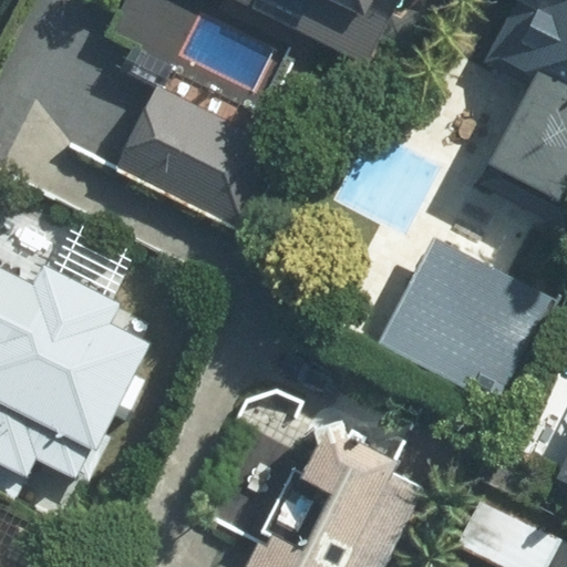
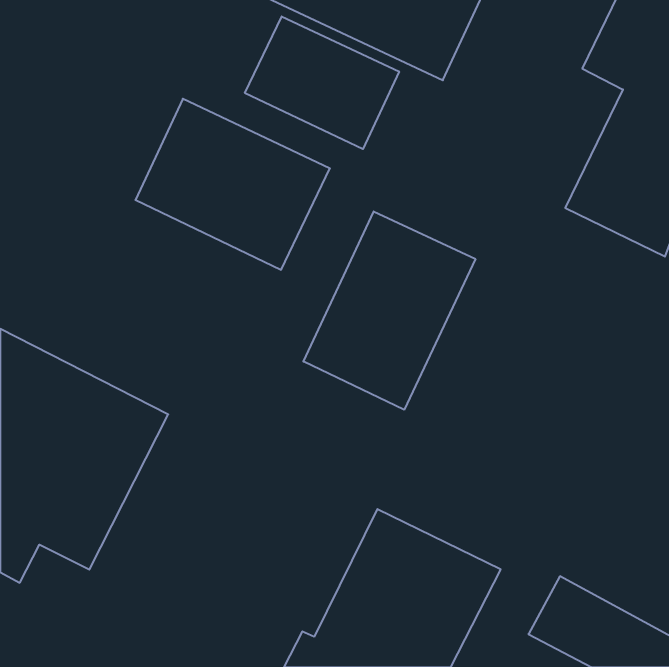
building: none -> [245,16,399,149]
building: none -> [303,211,475,410]
building: [385,246,538,393] -> none

